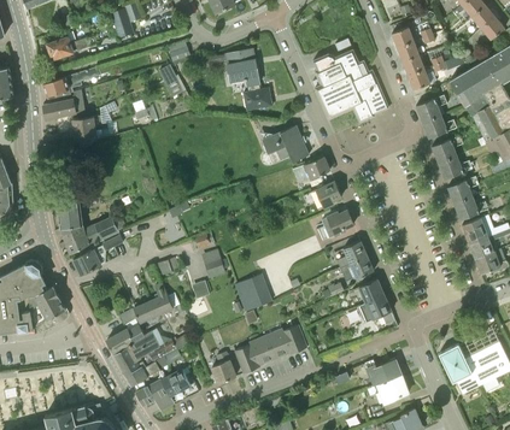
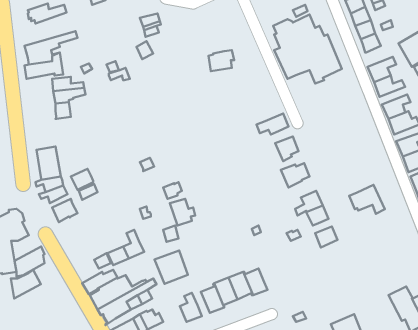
building: [224,49,259,92] -> none
building: [262,125,307,163] -> none
building: [234,275,270,311] -> [155,251,188,284]
building: [28,285,60,317] -> [11,270,41,299]
building: [356,294,394,325] -> [349,185,385,214]
building: [364,360,400,385] -> none

